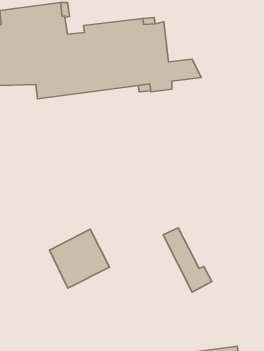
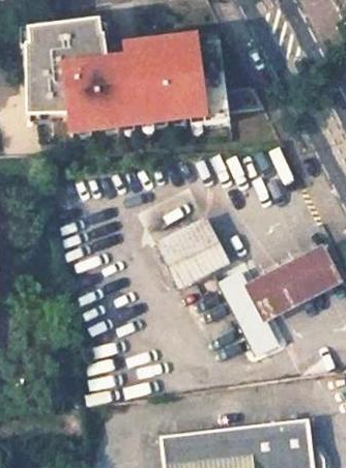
building: none -> [244,245,333,318]
building: [49,229,109,288] -> [156,218,227,288]

